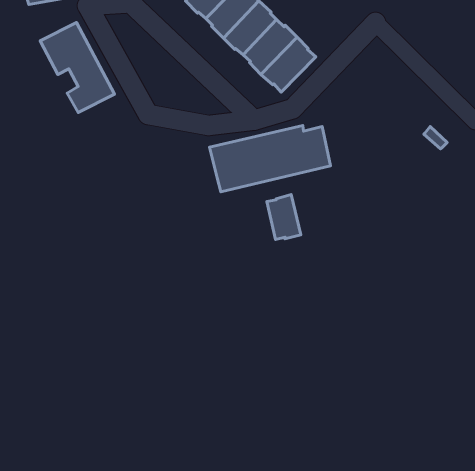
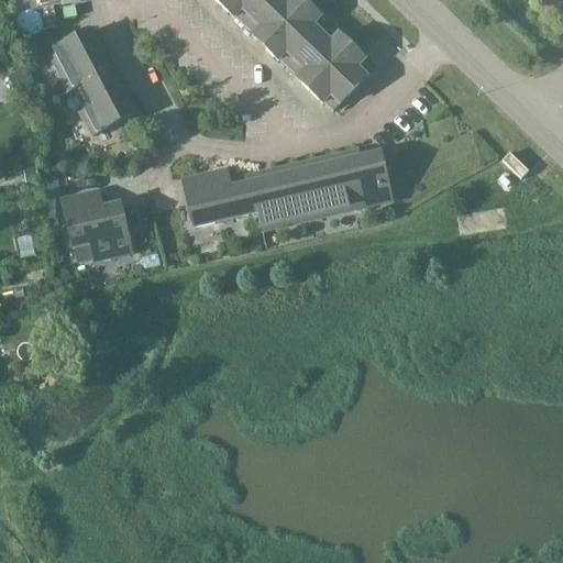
building: none -> [181,168,256,225]
building: none -> [60,190,131,257]
building: [267,194,301,240] -> none

